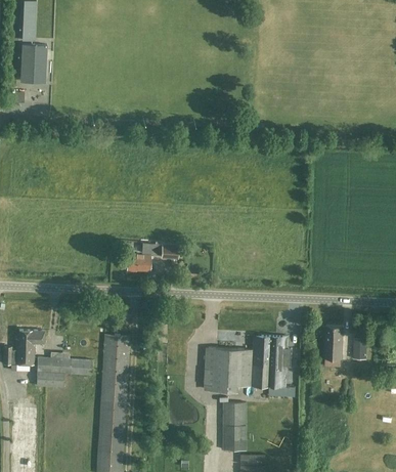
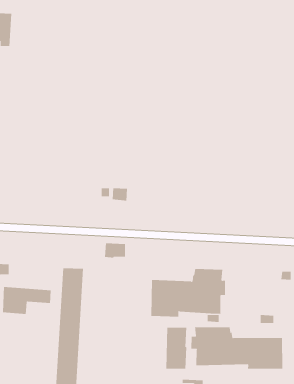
building: [126,255,150,272] -> [104,243,126,258]
building: [324,326,343,359] -> none
building: none -> [191,326,283,370]

